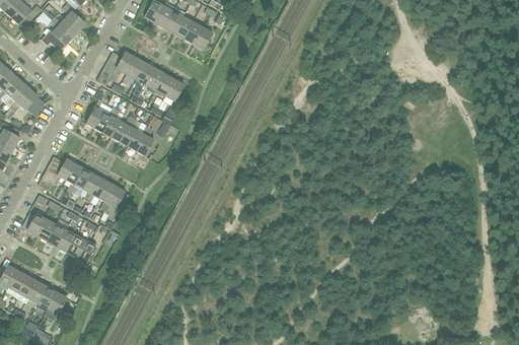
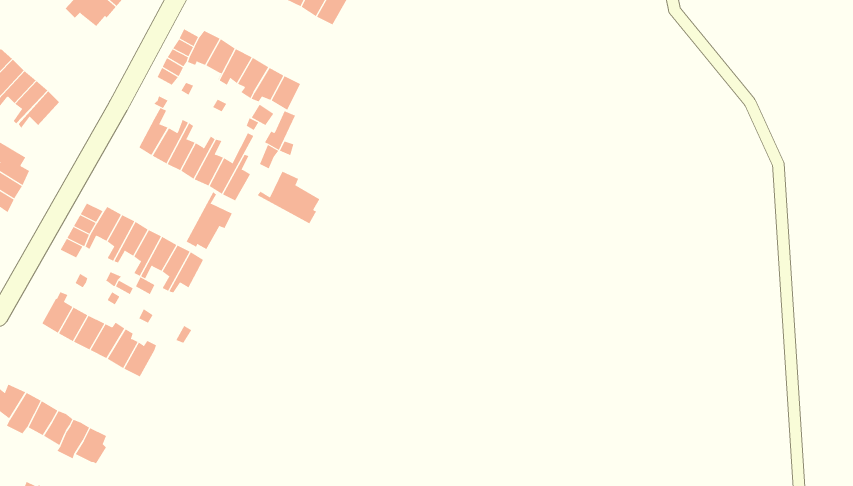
building: none -> [257,171,320,224]
building: none -> [186,191,232,250]

